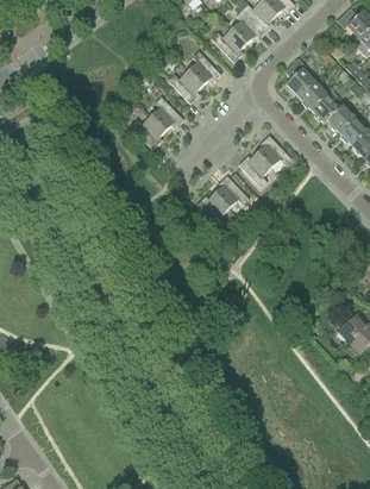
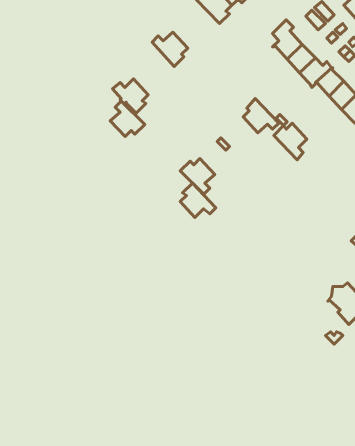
building: [188,50,220,84] -> none
building: [150,95,183,130] -> [110,101,145,137]
building: [238,151,270,187] -> [274,123,307,160]
building: [214,174,249,207] -> [180,183,216,218]

